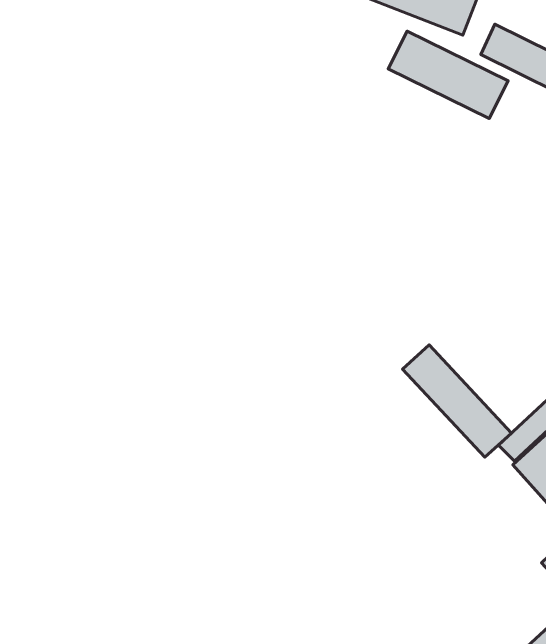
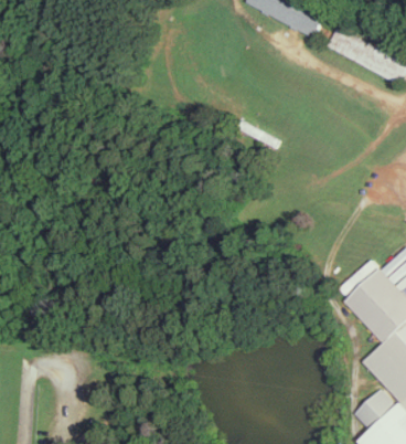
building: [388,31,508,119] -> none
building: [403,345,511,457] -> none

